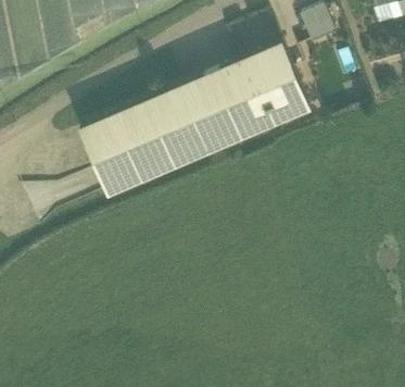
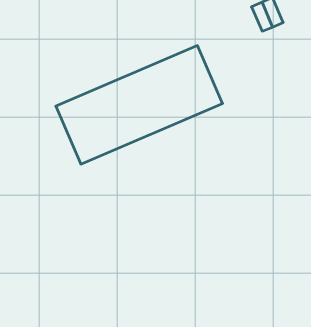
building: [240,39,311,123] -> none

